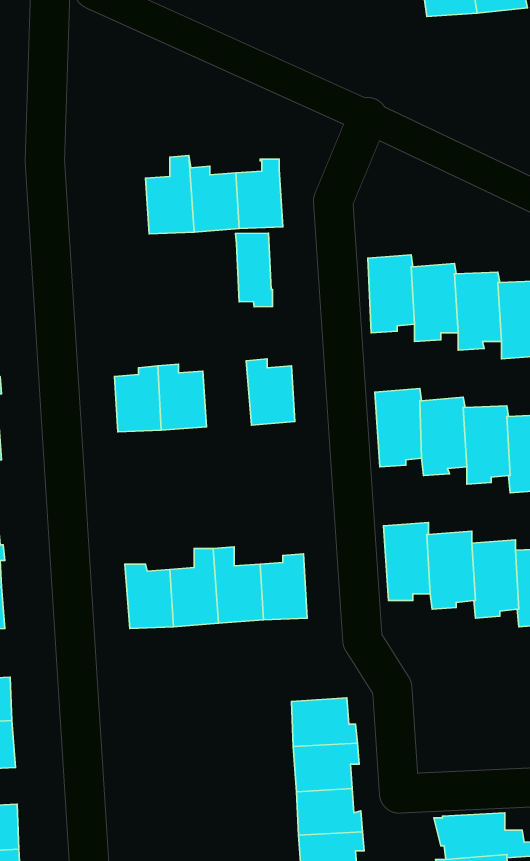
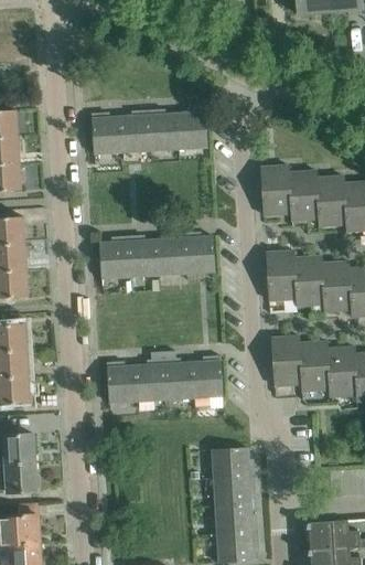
building: none -> [90,113,121,154]
building: [236,233,273,307] -> none
building: none -> [155,233,186,275]

